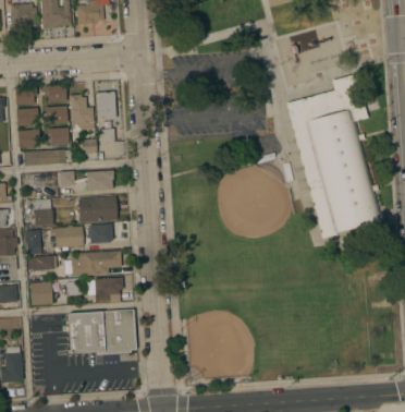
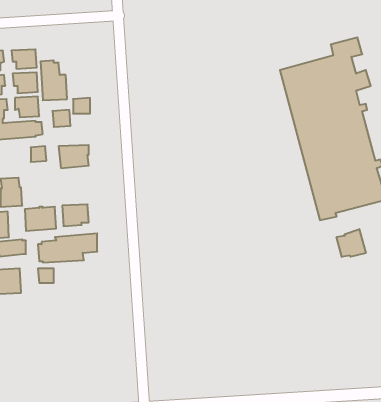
building: [96,92,115,119] -> none
building: [77,197,118,223] -> none
building: none -> [337,229,366,257]
building: [87,278,123,303] -> none
building: [69,311,136,355] -> none

